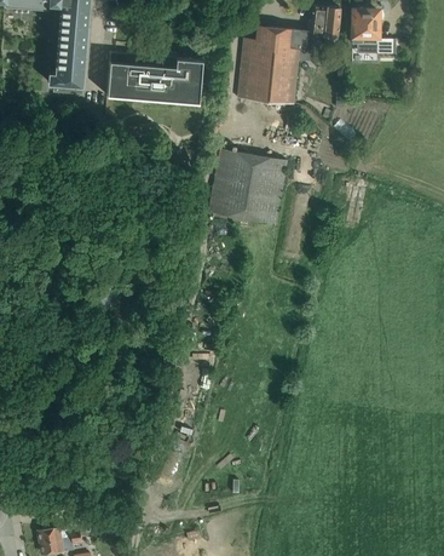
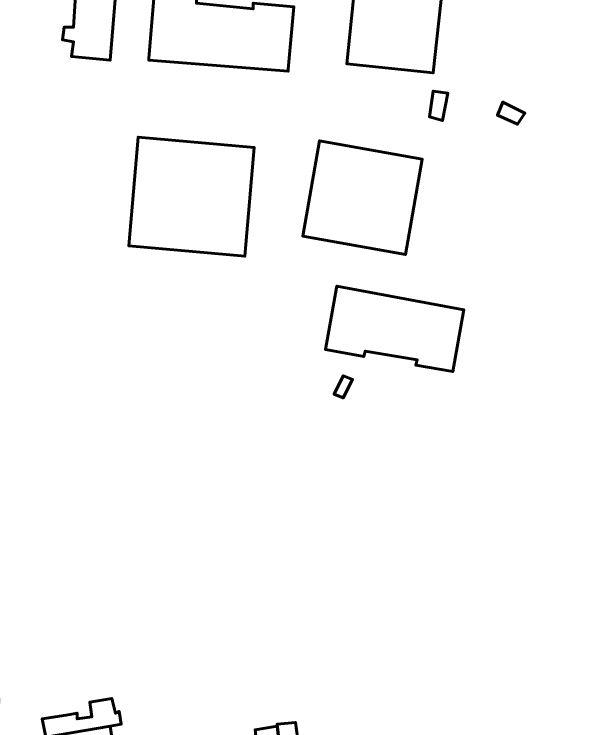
building: none -> [129,137,254,256]
building: none -> [325,286,464,371]

